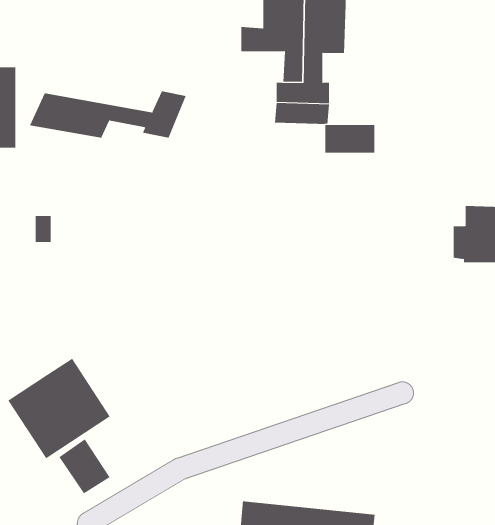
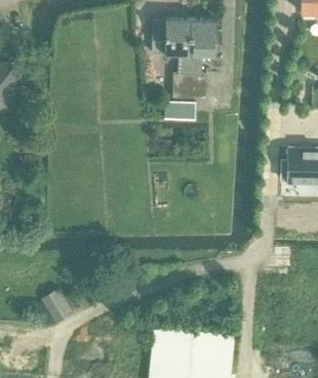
building: [29,91,186,138] -> none
building: [325,124,375,153] -> [164,102,195,120]
building: [8,358,111,459] -> none

